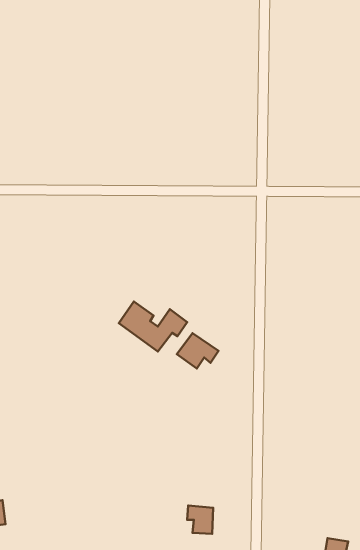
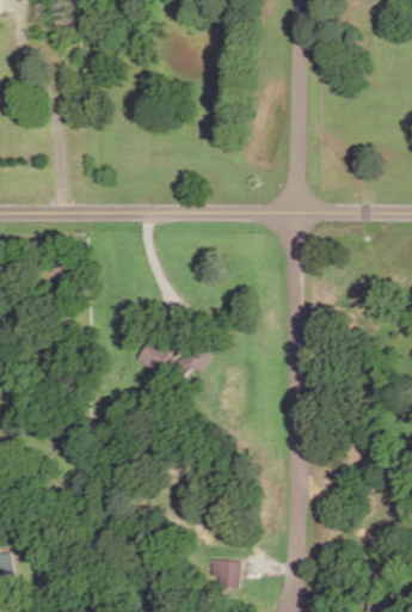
building: [177,333,219,369] -> none

